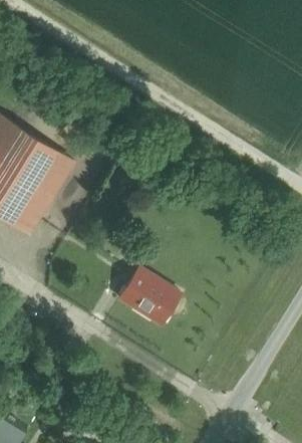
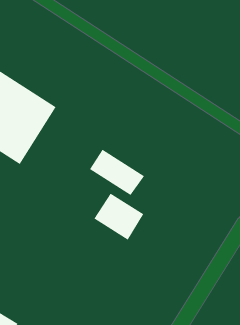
building: none -> [89,149,145,196]

